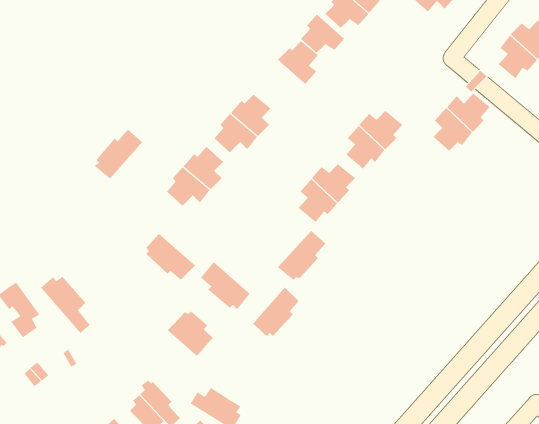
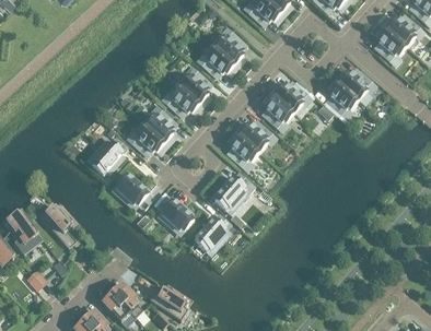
building: [300,14,345,54] -> [201,47,234,76]
building: [94,129,143,179] -> [91,138,127,175]
building: [167,311,214,357] -> none

